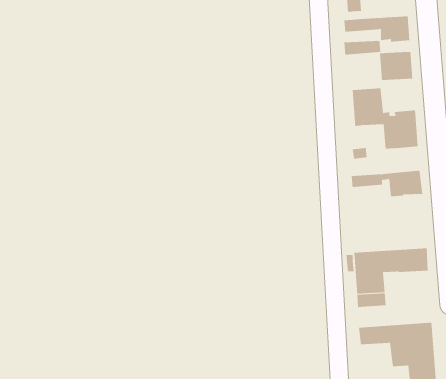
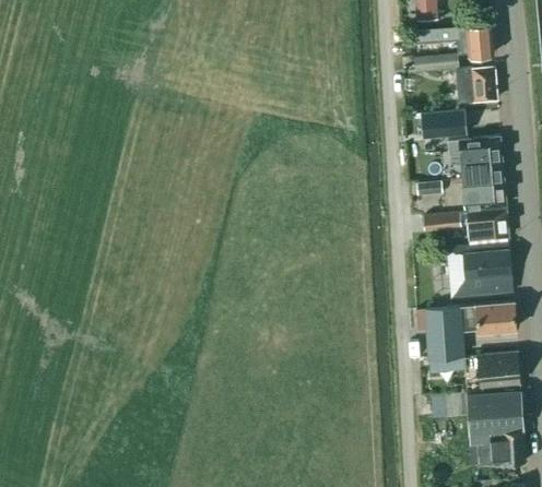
building: none -> [463,181,506,210]
building: none -> [447,243,514,298]
building: none -> [478,353,520,387]

